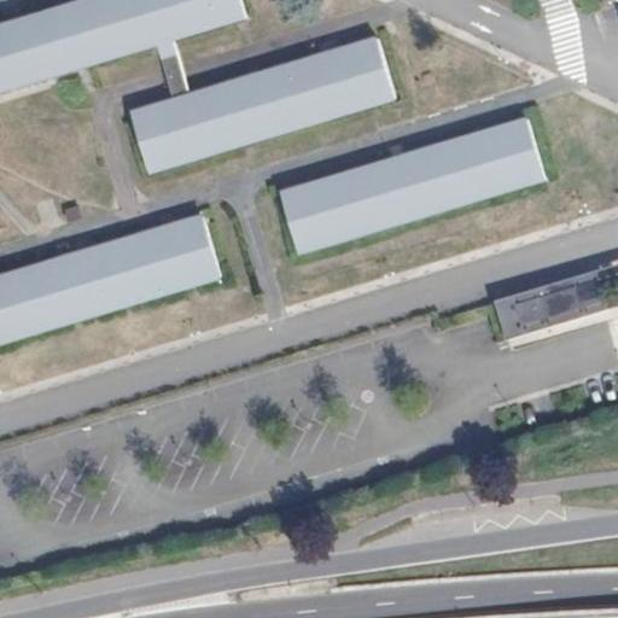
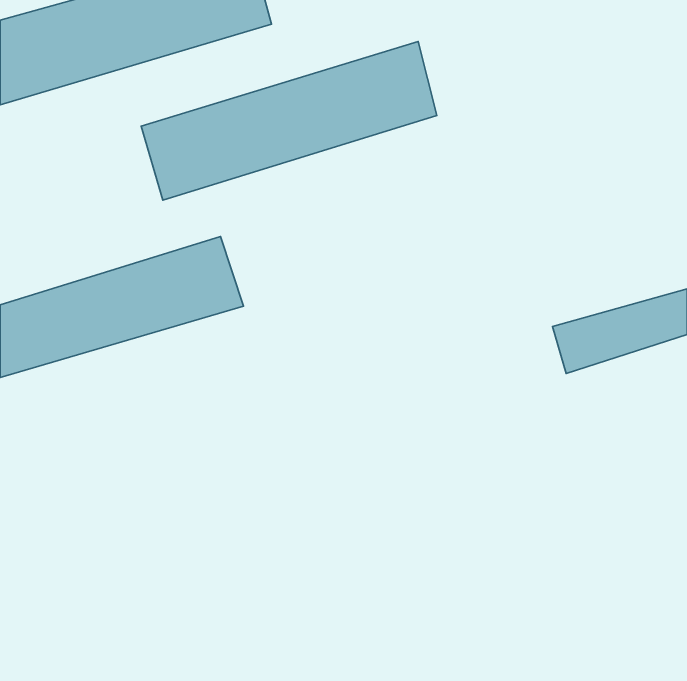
building: [279,113,544,251] -> none

